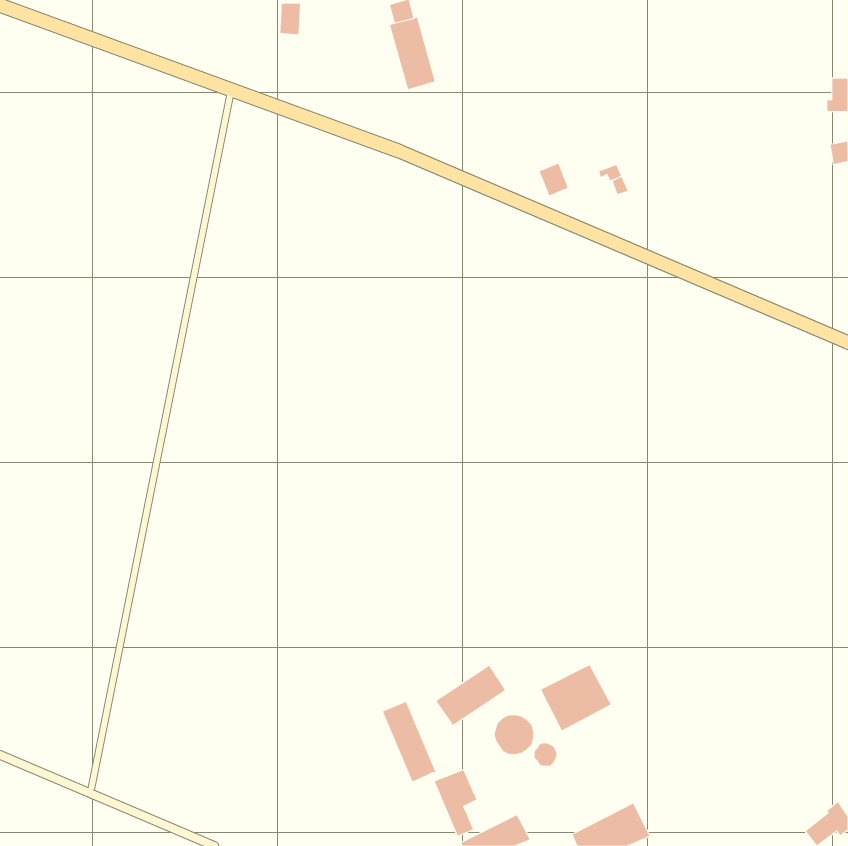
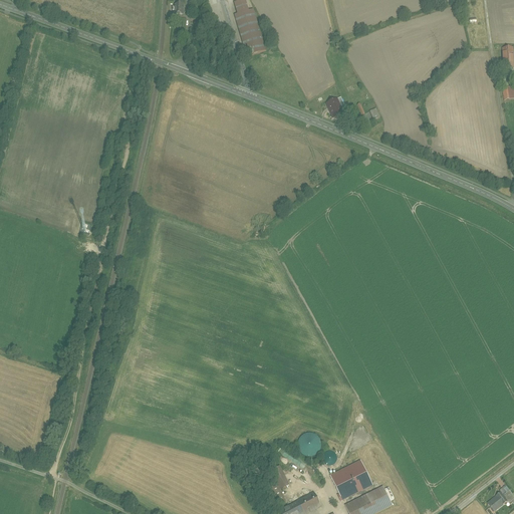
building: [540,665,612,731] -> [330,460,373,500]
building: [436,665,506,726] -> none
building: [382,701,436,782] -> none

